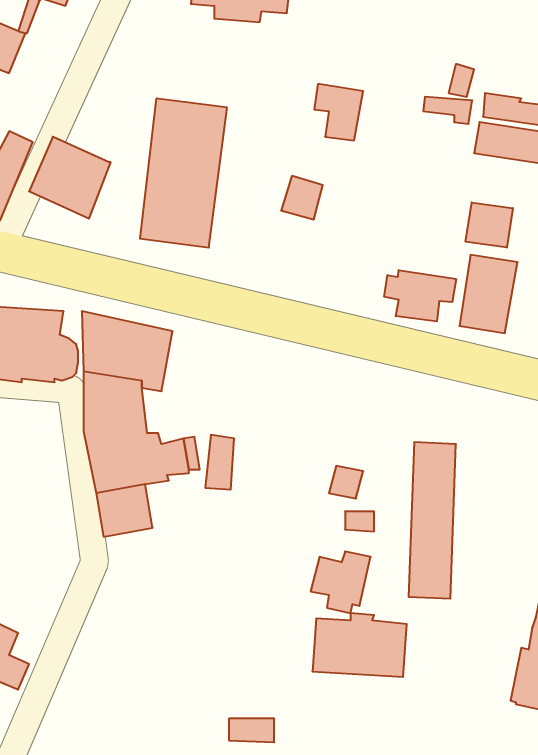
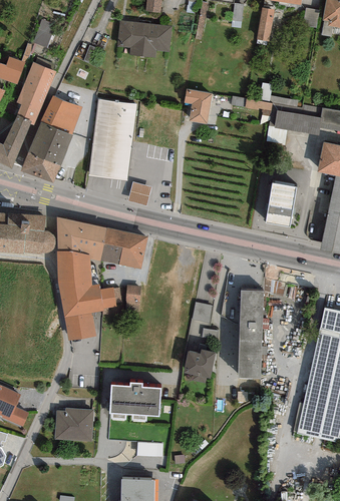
building: none -> [16,63,56,124]
building: none -> [40,95,80,134]
building: [281,176,323,220] -> [127,182,150,206]
building: none -> [20,150,60,182]
building: [466,202,513,248] -> none
building: [384,270,456,321] -> none
building: none -> [100,227,148,269]
building: [312,613,407,677] -> [108,382,160,417]
building: none -> [53,406,92,441]

